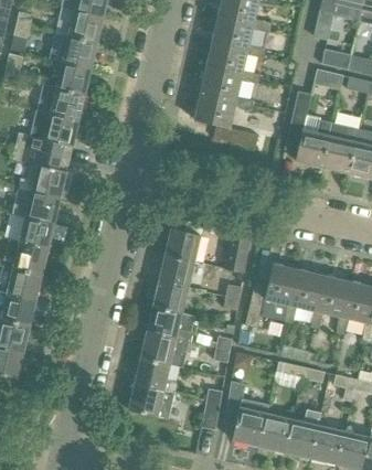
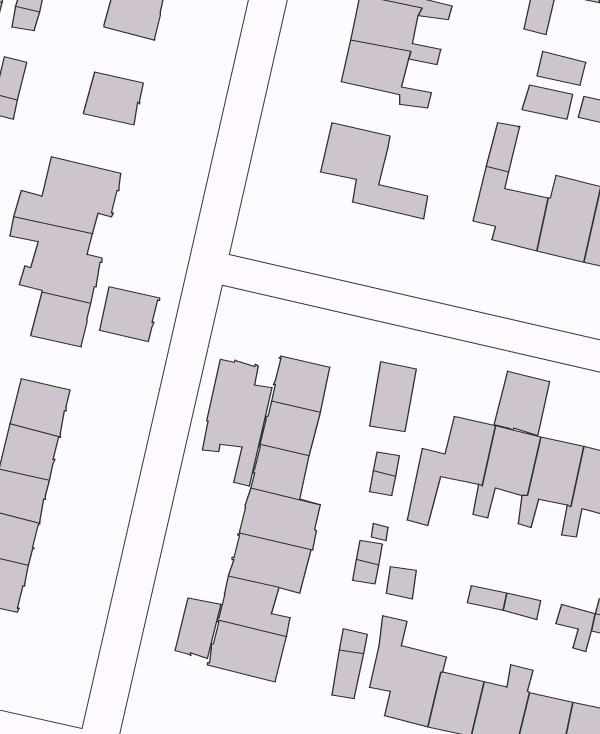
building: [49,31,97,68] -> none
building: [201,67,253,109] -> none
building: [36,83,85,121] -> none
building: [19,216,54,248] -> [99,287,160,341]
building: none -> [202,359,272,486]
building: none -> [494,371,550,436]
building: none -> [175,598,221,659]

